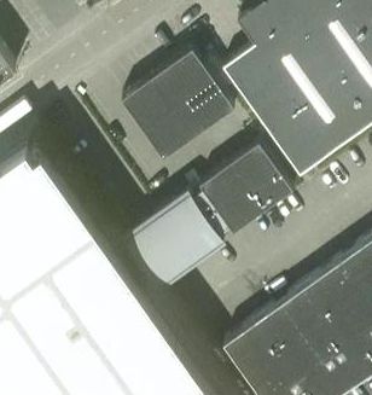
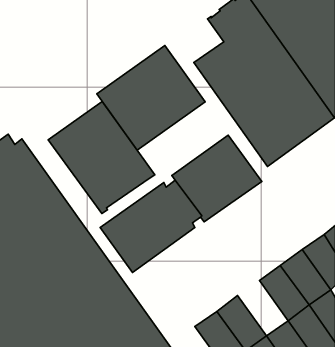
building: none -> [48,102,155,214]
building: [265,302,318,360] -> none

